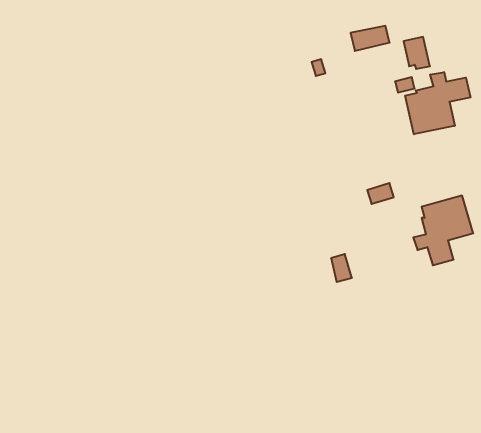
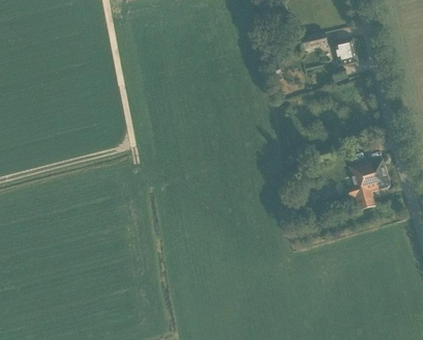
building: [405,72,470,134] -> none

